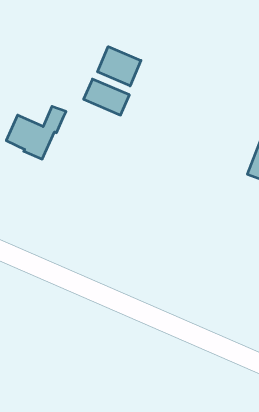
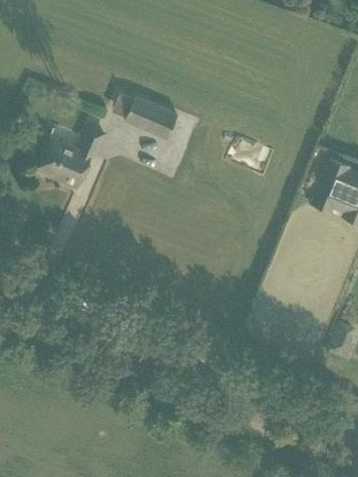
building: [98,47,141,86] -> none

